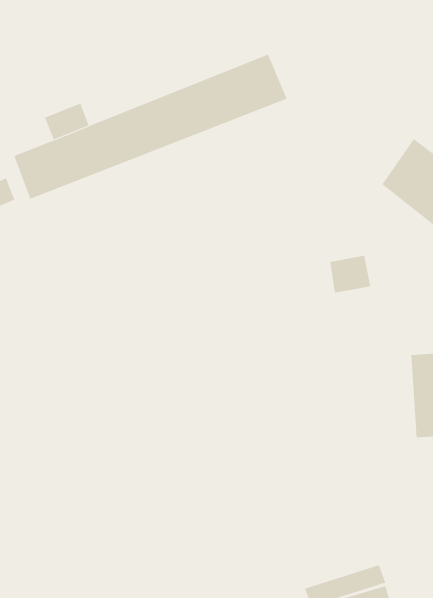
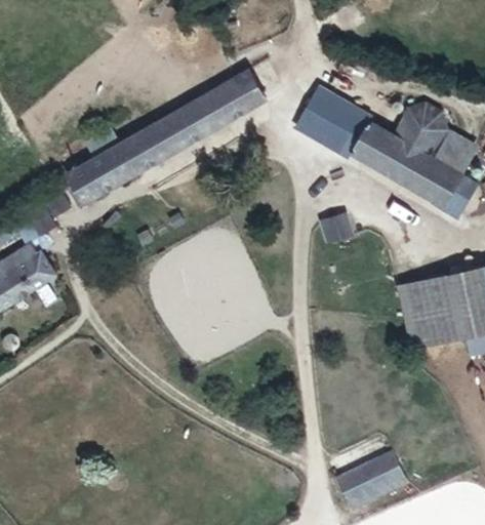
building: none -> [294,85,371,160]

